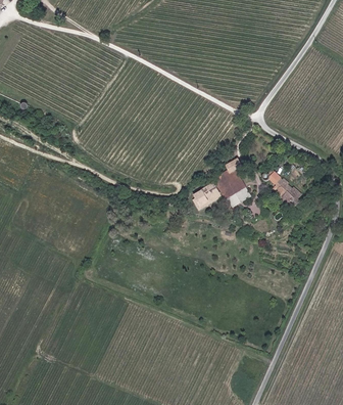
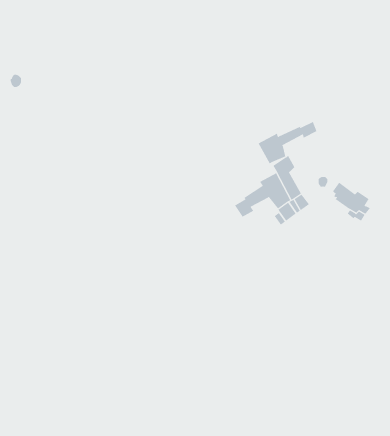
building: none -> [258,121,317,164]

